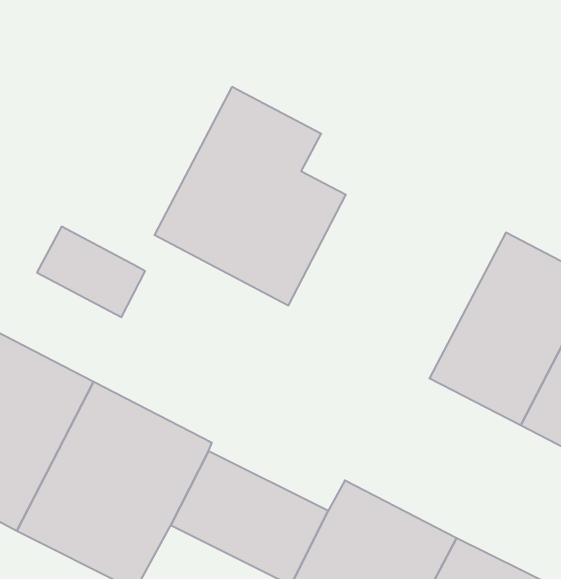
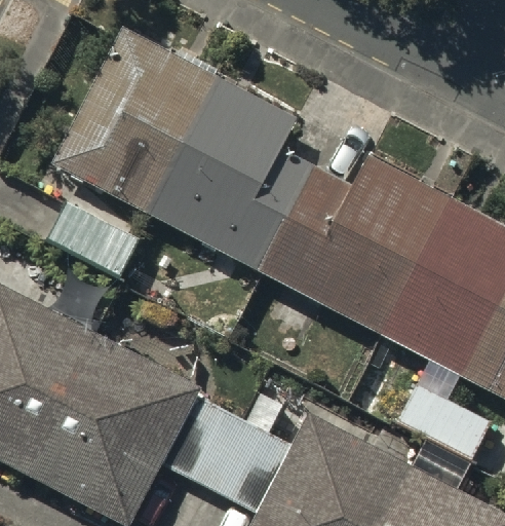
building: none -> [63,36,217,210]
building: none -> [266,159,456,335]

